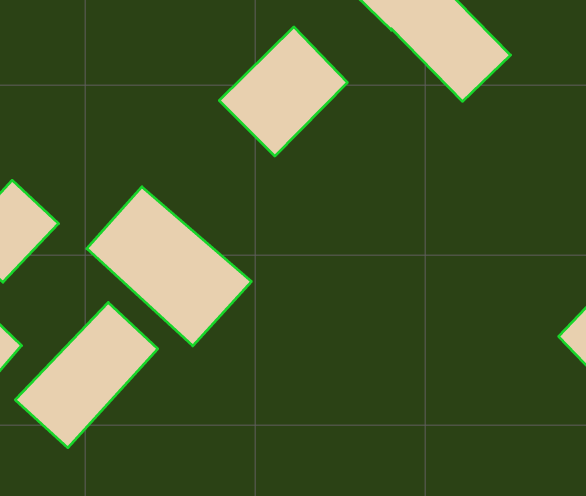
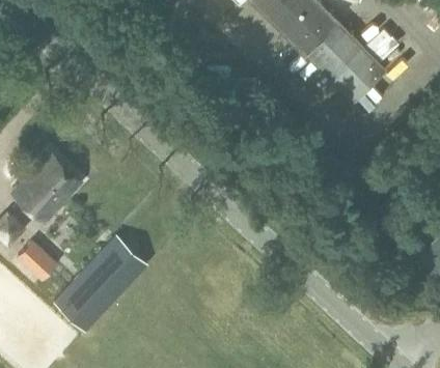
building: [219,27,347,156] -> none
building: [87,187,251,346] -> none

